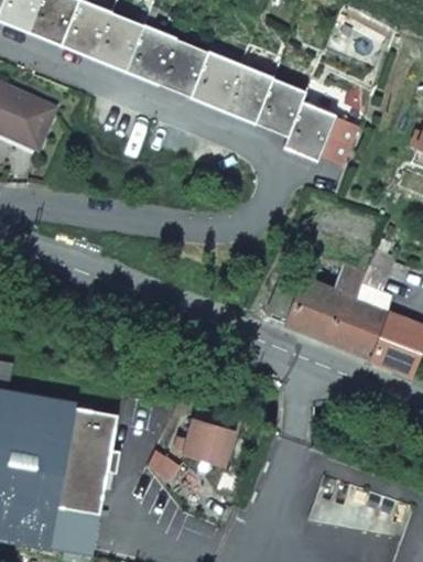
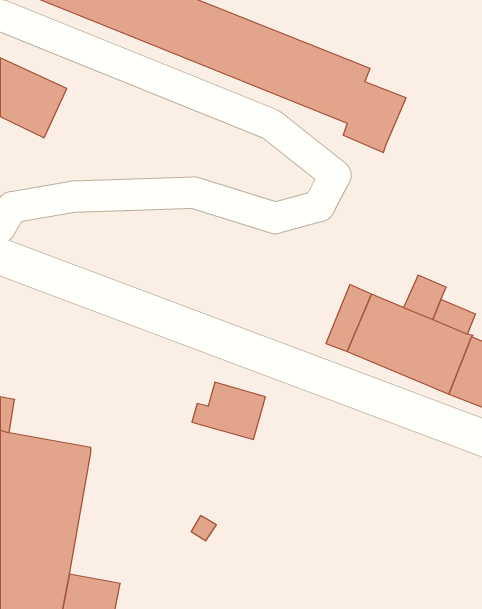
building: [318,115,359,163] -> none
building: [57,408,116,516] -> none
building: [173,419,234,466] -> [192,382,265,440]

